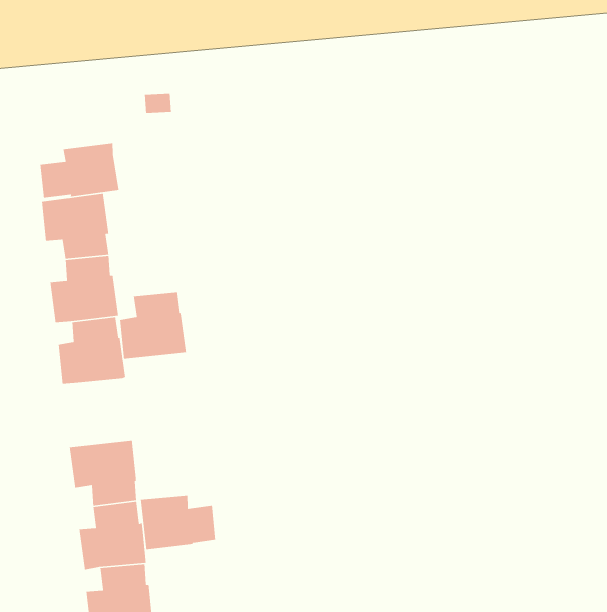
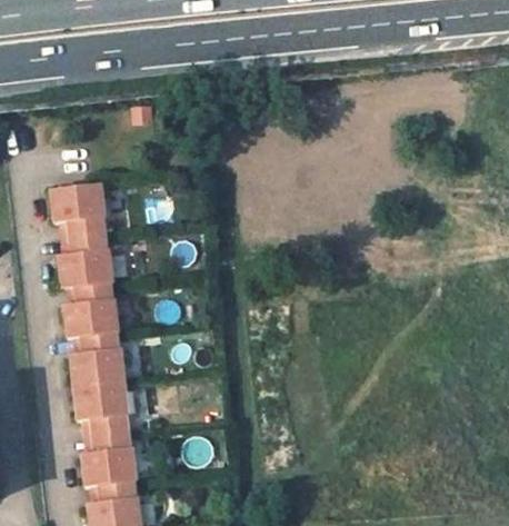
building: [39,143,120,198] -> none
building: [119,292,187,360] -> [69,334,123,388]
building: [140,495,216,550] -> none

